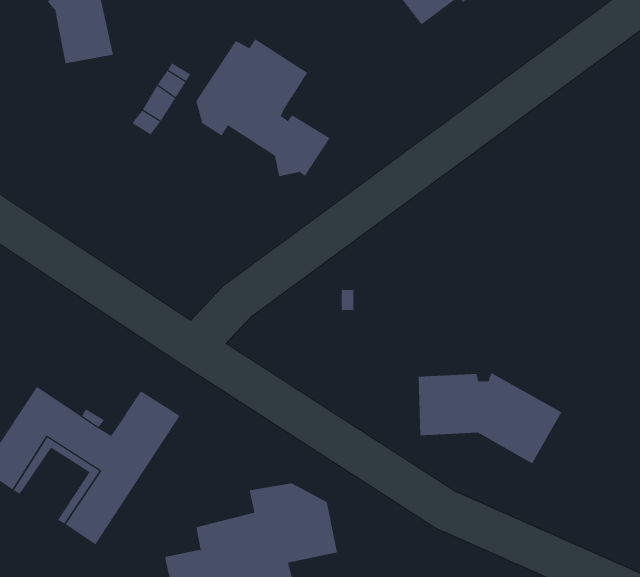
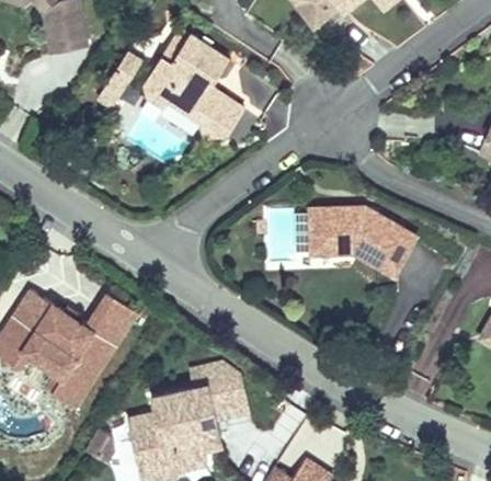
building: [418,372,562,464] -> [309,206,415,274]

